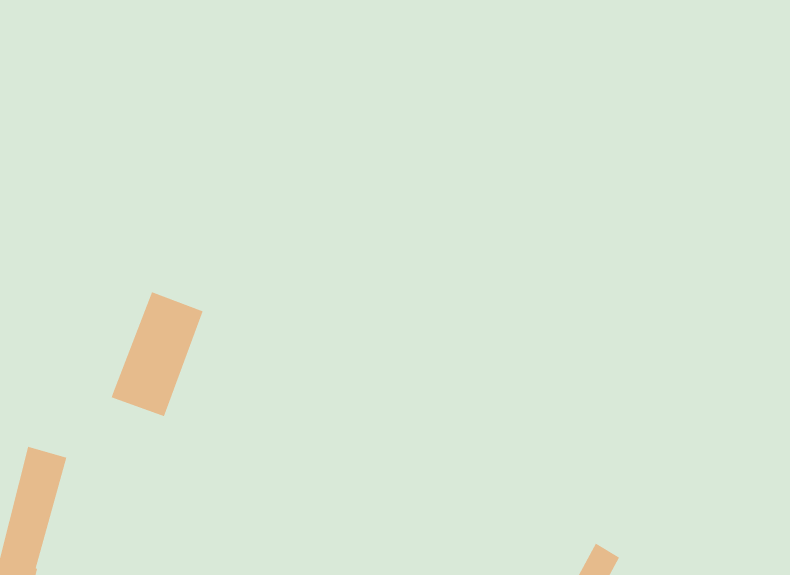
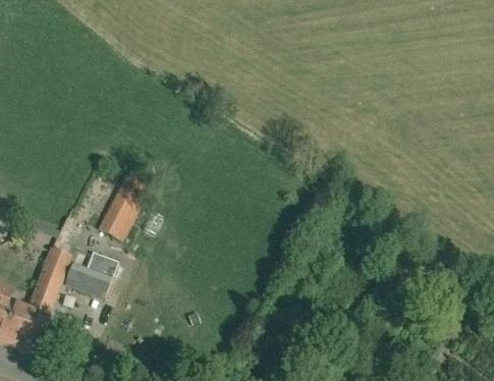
building: none -> [63,251,117,298]

